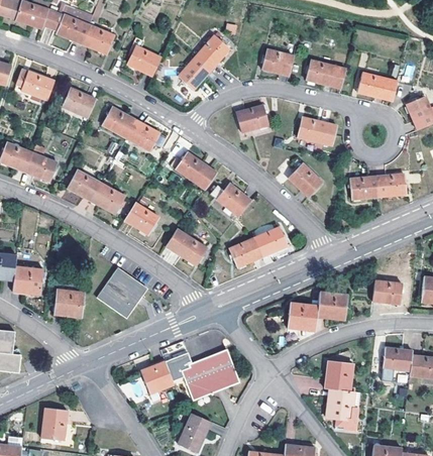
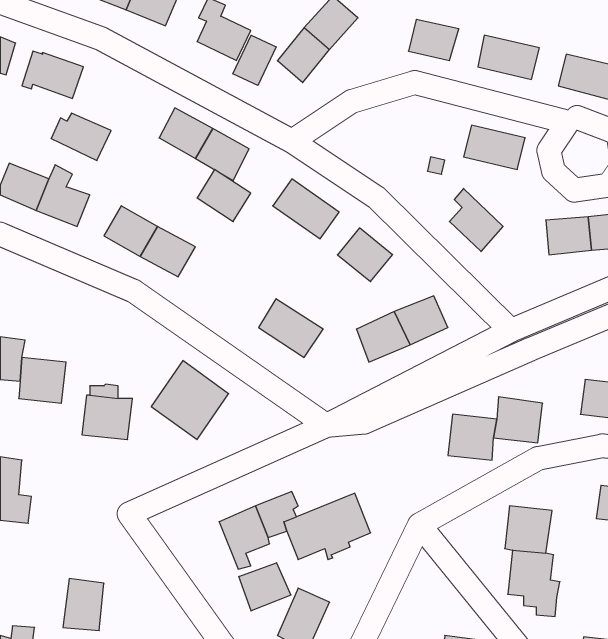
building: none -> [233,35,276,85]
building: [58,88,96,118] -> [51,113,111,161]
building: [236,105,267,132] -> none
building: [124,202,158,235] -> [197,169,251,222]
building: none -> [239,563,291,611]

